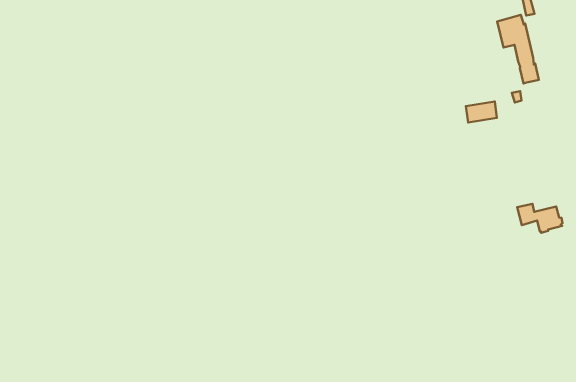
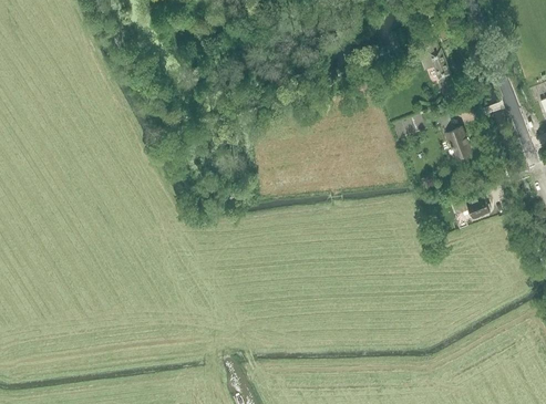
building: none -> [439,117,472,159]

